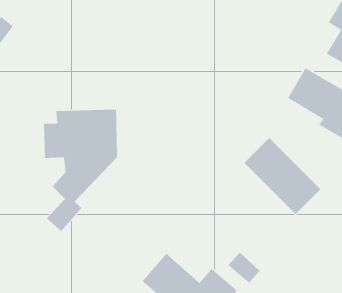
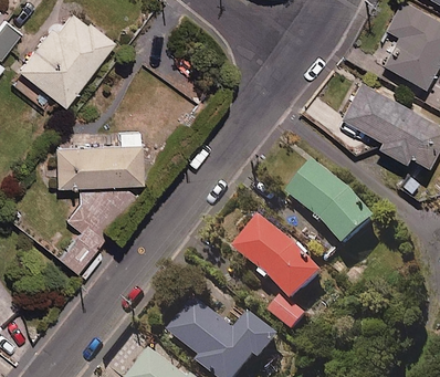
building: none -> [10,11,112,106]
building: none -> [233,216,325,304]

